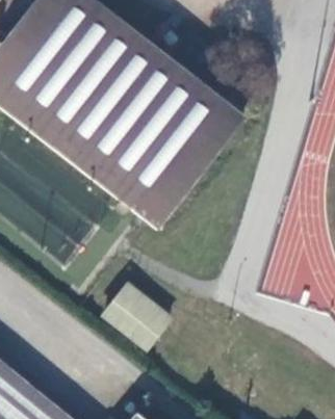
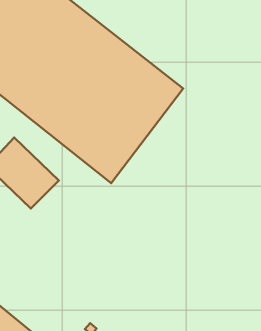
building: [106,288,170,349] -> none

